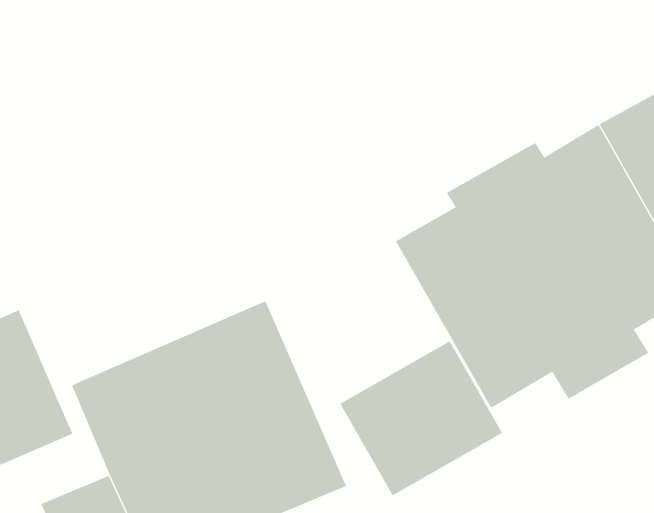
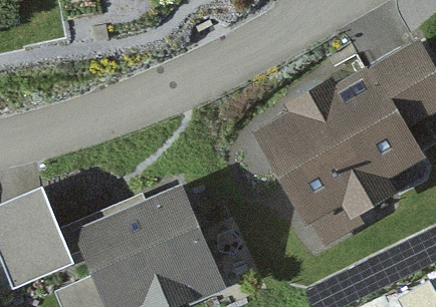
building: [340,340,503,496] -> none

